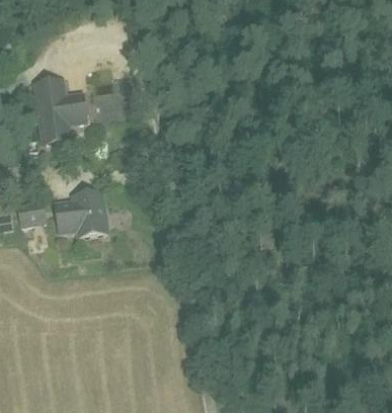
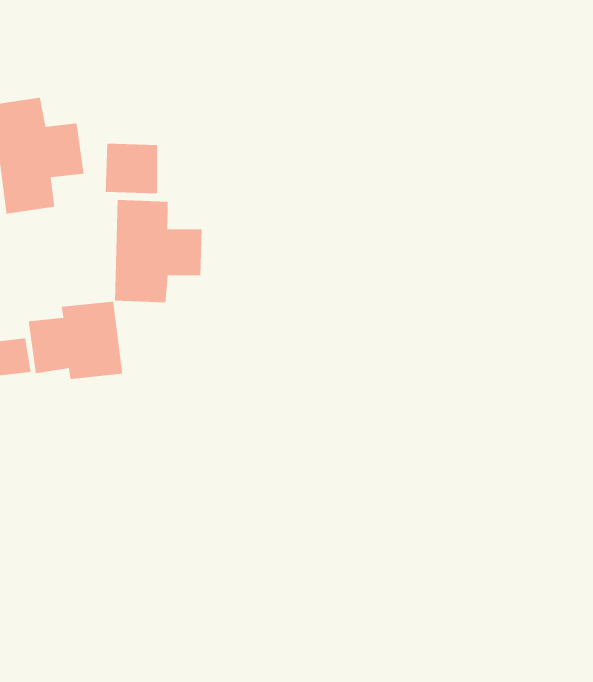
building: none -> [114,199,203,303]

